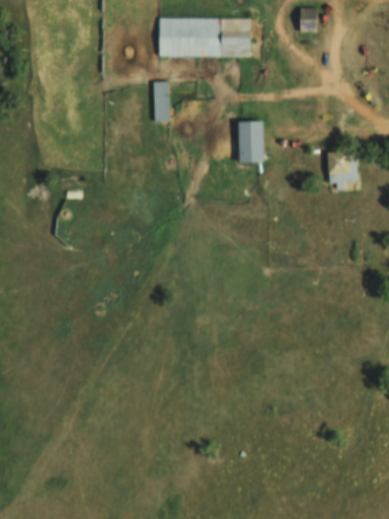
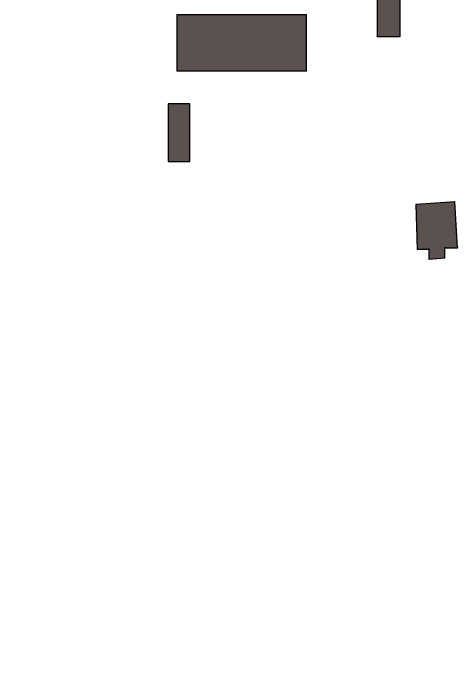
building: [238,120,263,161] -> none

